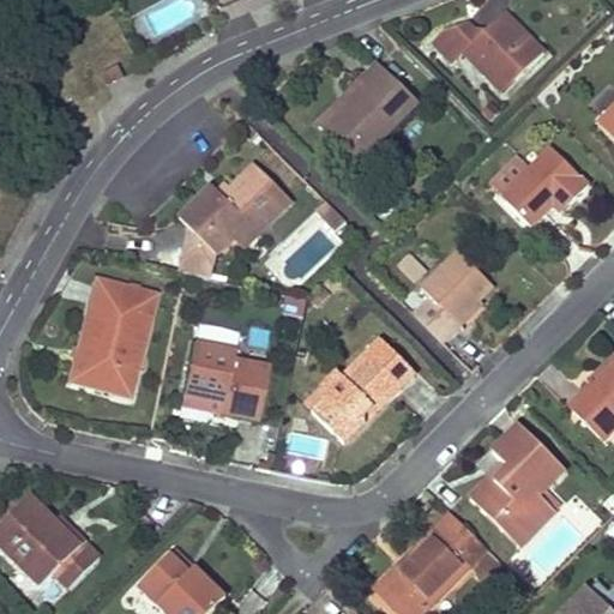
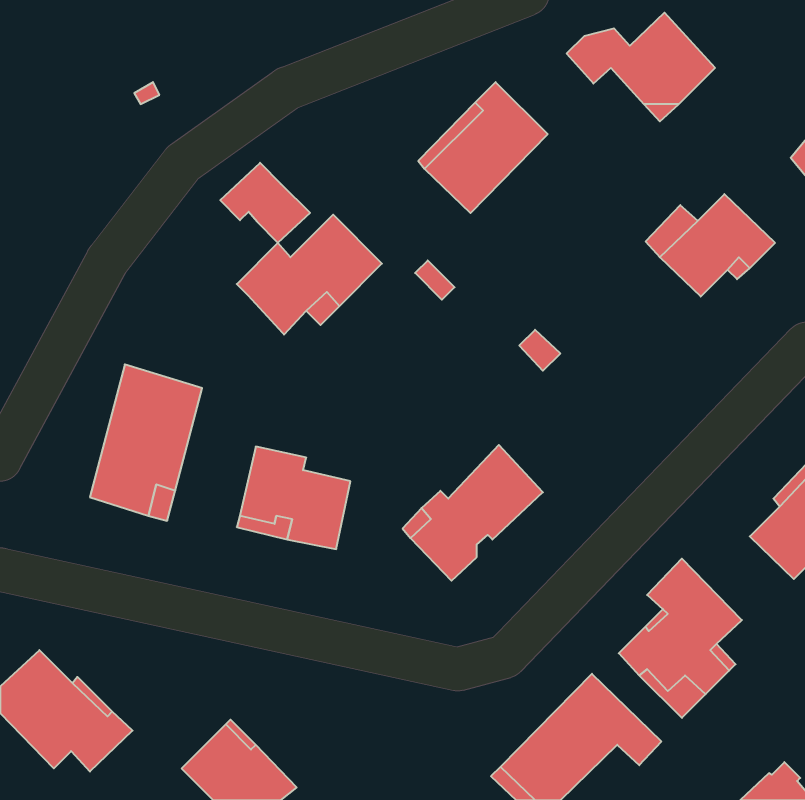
building: none -> [220,163,310,243]
building: [180,224,216,275] -> none
building: [415,251,493,339] -> none

